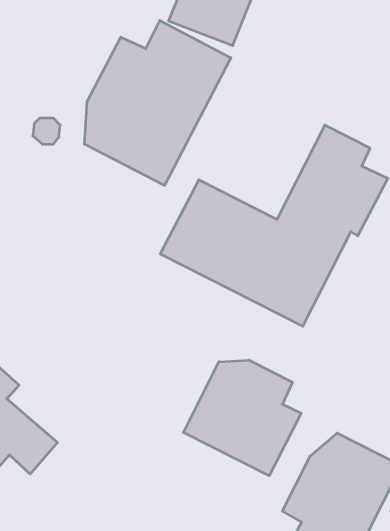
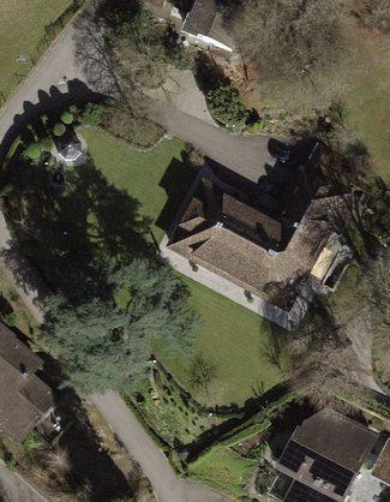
building: [84,20,231,185] -> none
building: [183,360,301,476] -> none

